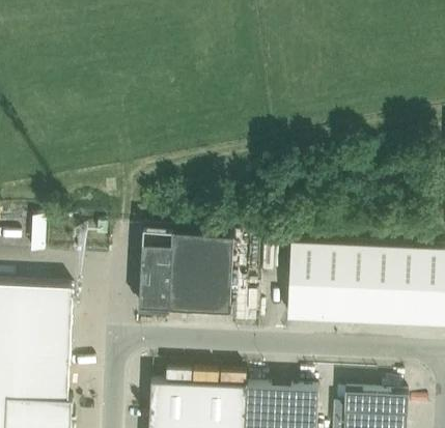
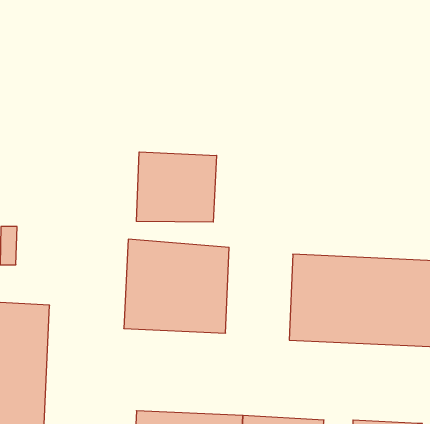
building: none -> [136,152,217,222]

